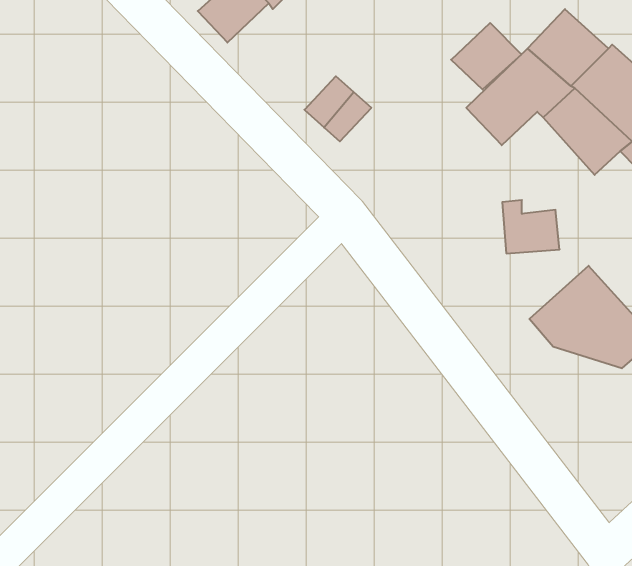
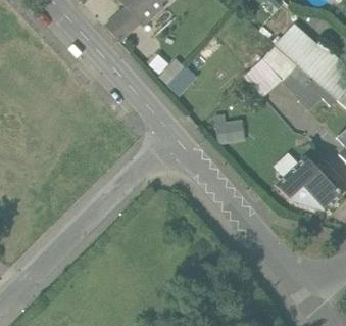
building: [451,23,521,90] -> none
building: [502,200,560,253] -> [214,114,244,142]

